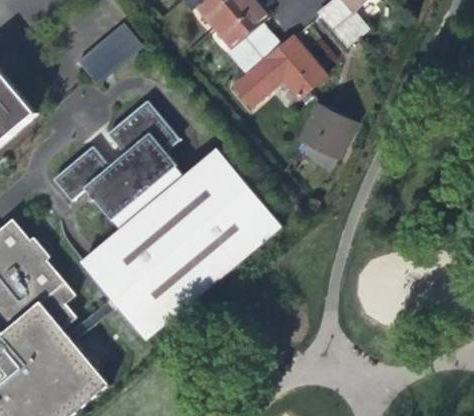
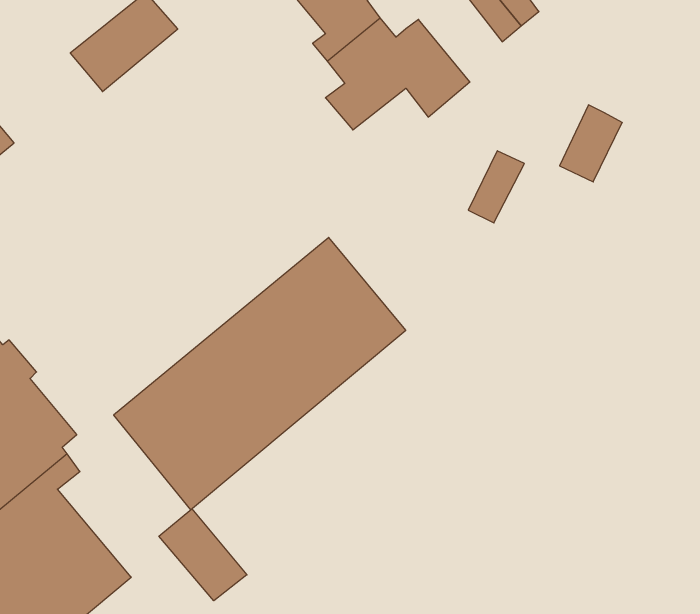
building: [53,101,233,282] -> none
building: [299,106,338,154] -> [560,105,622,182]
building: none -> [159,509,247,601]

